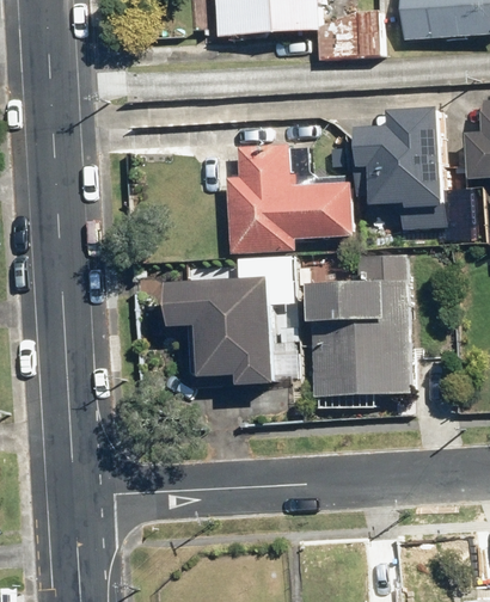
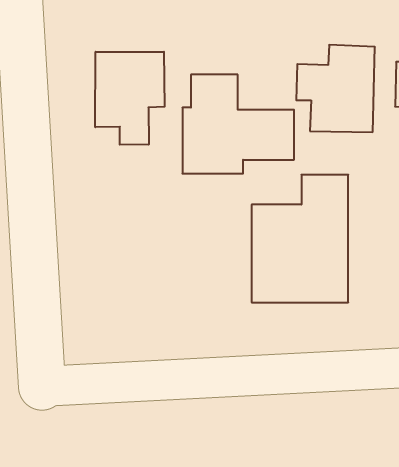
building: none -> [95,52,165,145]
building: [164,276,272,386] -> none

